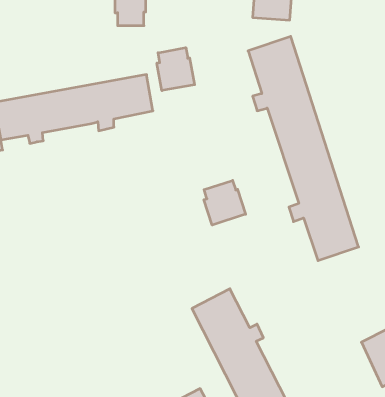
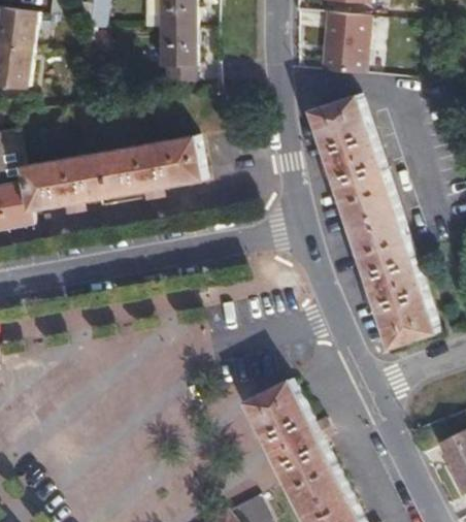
building: [157,48,195,91] -> none
building: [204,180,246,225] -> none

